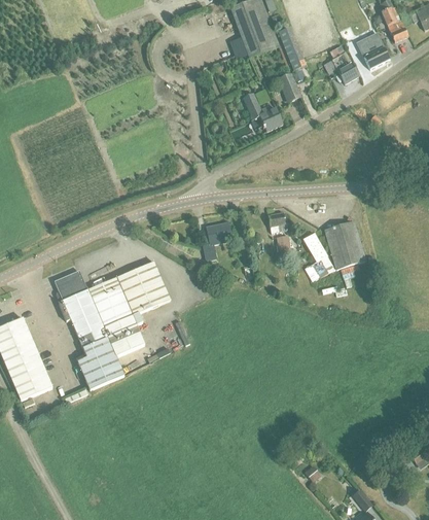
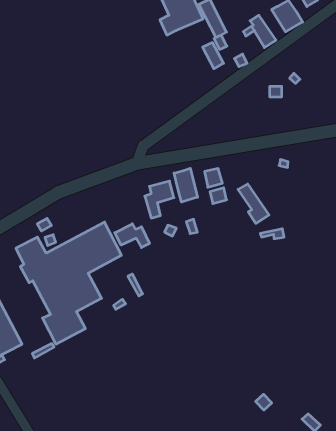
building: [242,94,282,132] -> none
building: none -> [174,168,198,202]
building: [324,219,364,268] -> none
building: none -> [115,224,149,248]

